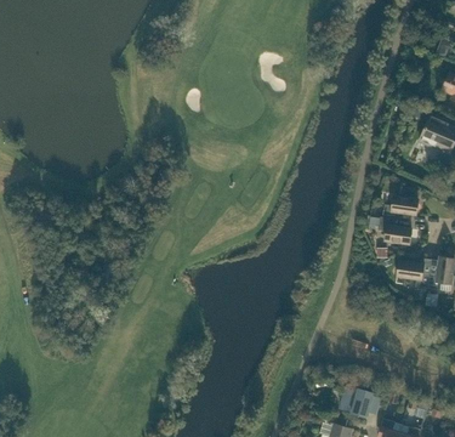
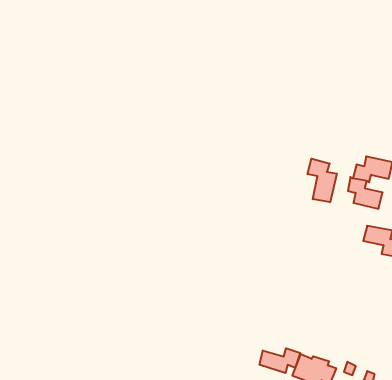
building: none -> [308,159,337,202]
building: none -> [259,348,300,373]

